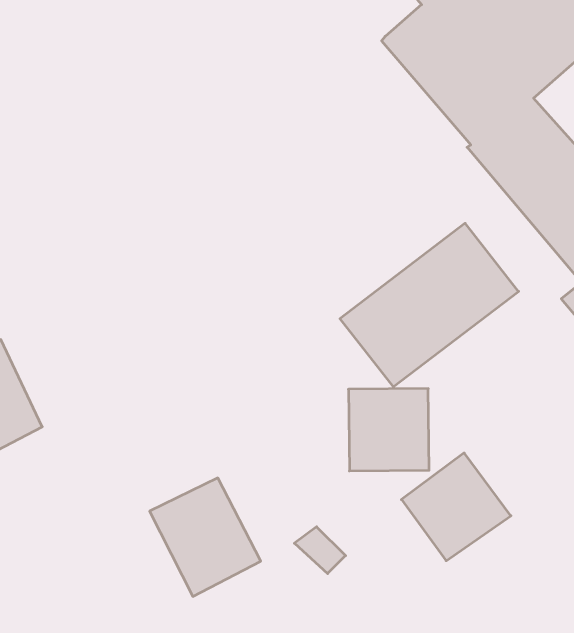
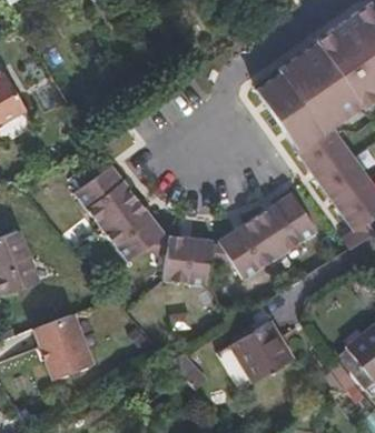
building: none -> [67,162,157,261]
building: [348,389,429,471] -> [156,238,205,288]
building: [150,478,261,596] -> [34,315,93,380]

